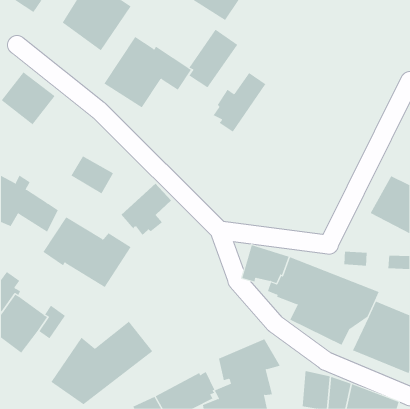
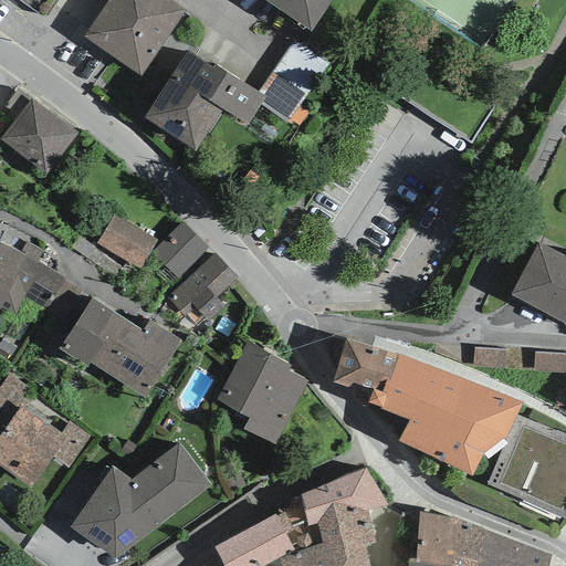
building: [213,72,266,132] -> none
building: none -> [153,221,208,276]
building: none -> [216,339,308,444]

